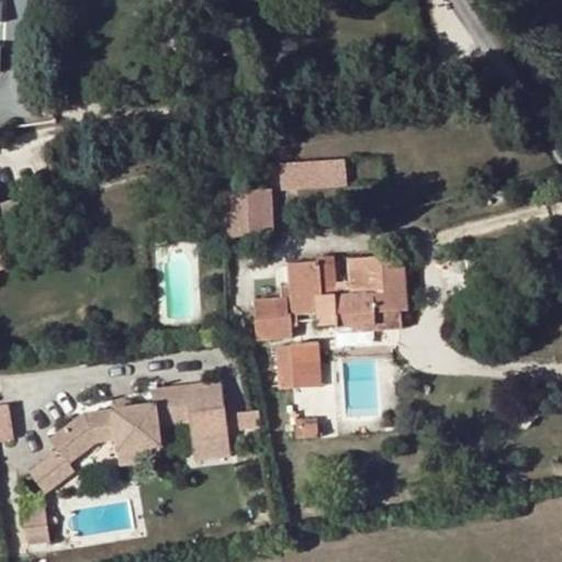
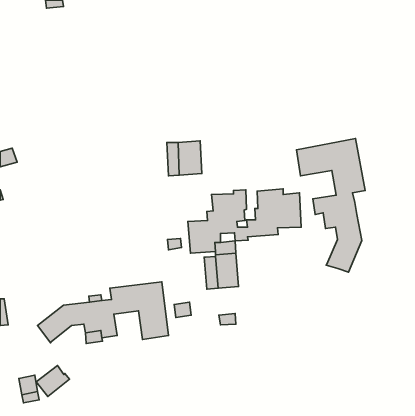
building: [281,160,346,190] -> none
building: none -> [297,139,365,272]
building: [32,450,77,492] -> [36,365,70,396]

